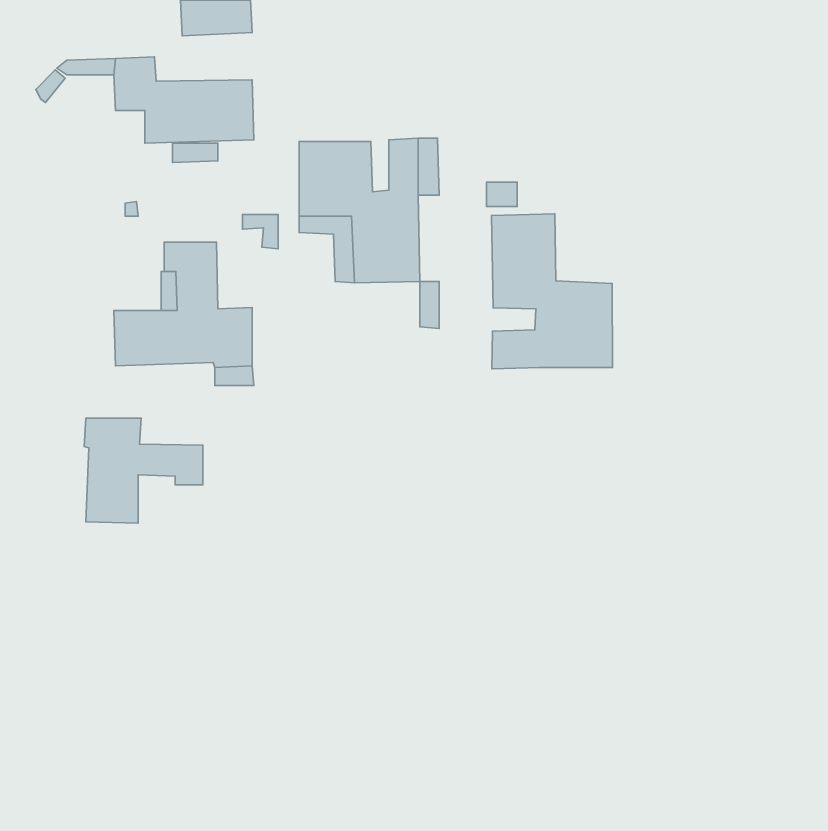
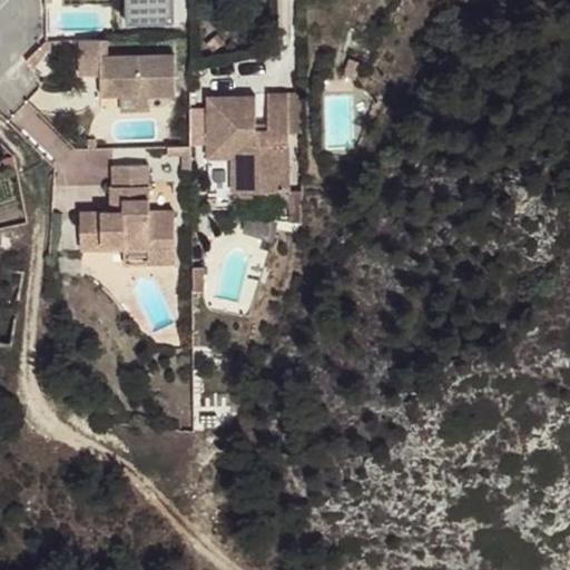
building: [492,214,612,369] -> none
building: [84,418,203,523] -> none

